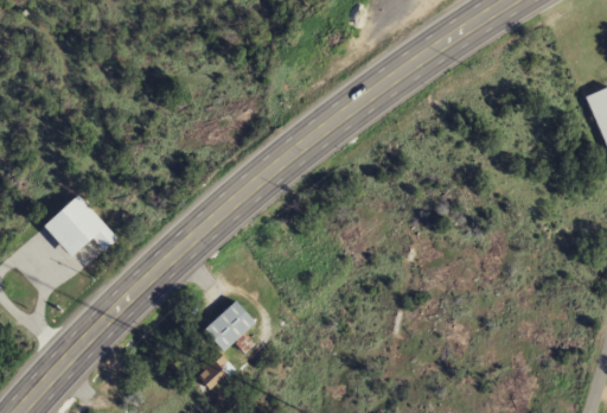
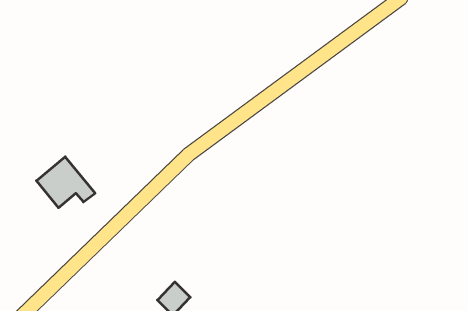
building: [204,299,256,351] -> none

